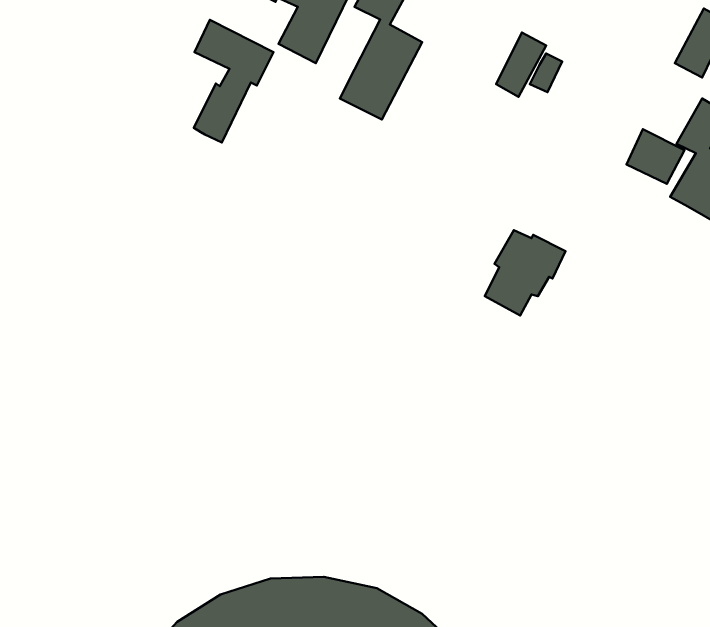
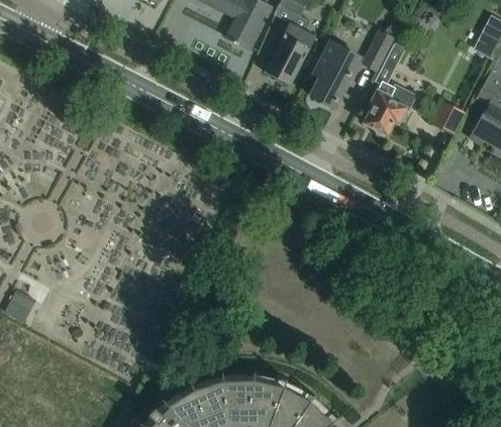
building: [194,20,274,142] -> none
building: none -> [311,41,360,108]
building: [485,230,565,315] -> [365,82,415,135]

